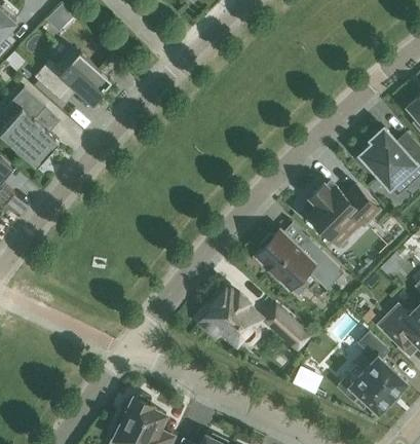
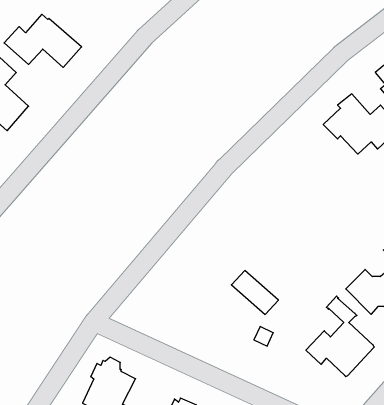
building: [304,182,380,243] -> none
building: [255,230,344,291] -> none
building: [199,289,261,344] -> none

